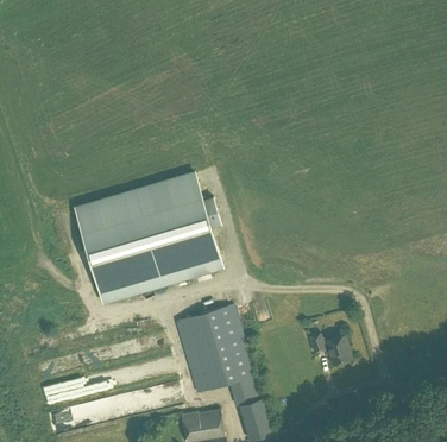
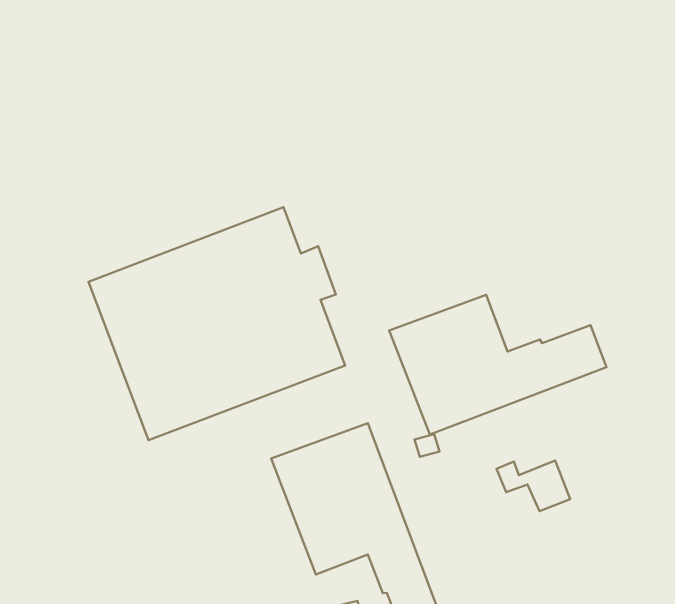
building: none -> [389,295,606,435]

